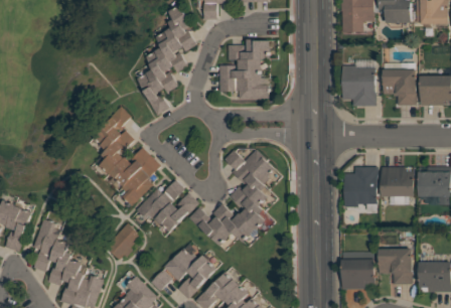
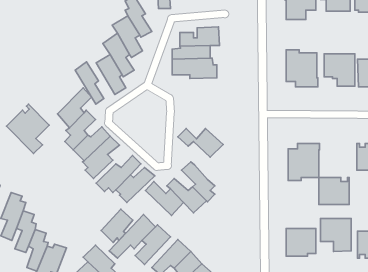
building: none -> [75,62,104,104]
building: none -> [6,104,49,154]
building: [233,164,266,205] -> none
building: [382,166,415,195] -> [319,178,349,204]
building: [106,223,140,260] -> [101,209,133,242]

